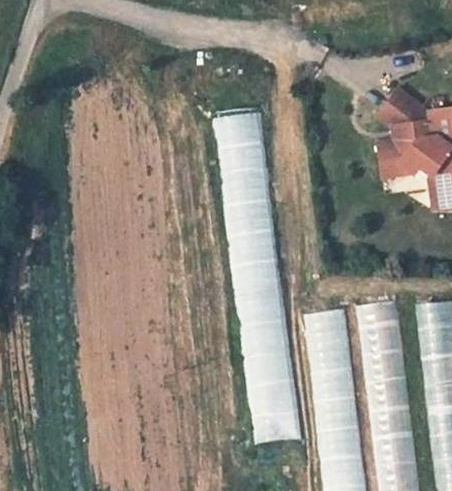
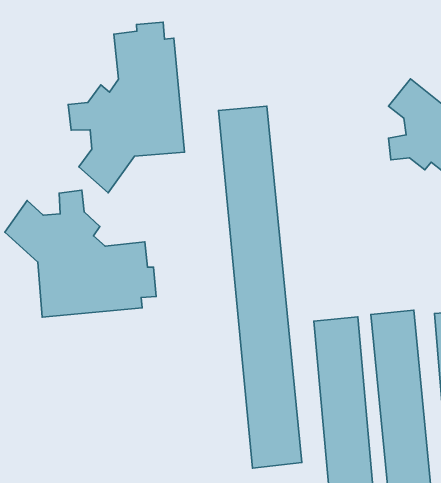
building: none -> [68,22,185,193]
building: none -> [5,190,156,317]

